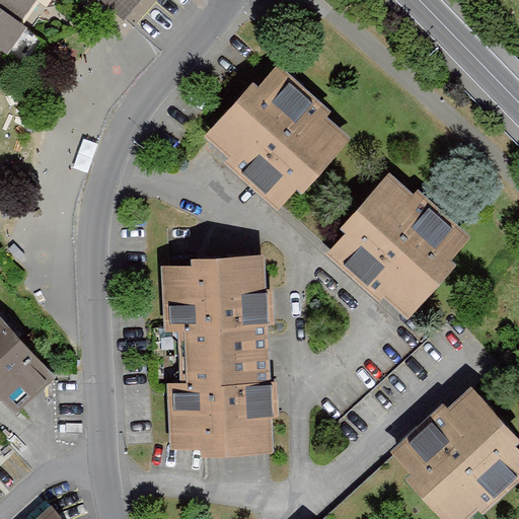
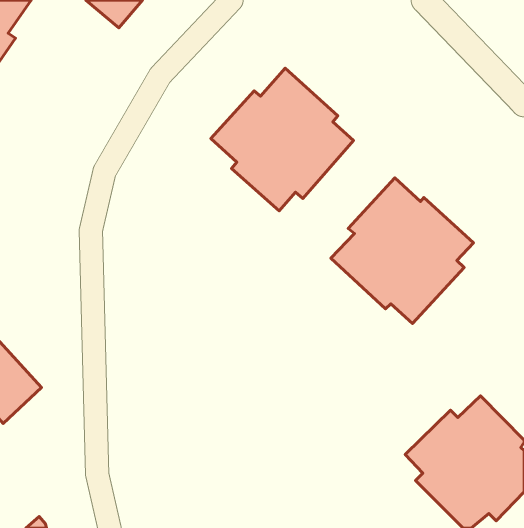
building: [165,252,271,450] -> none

